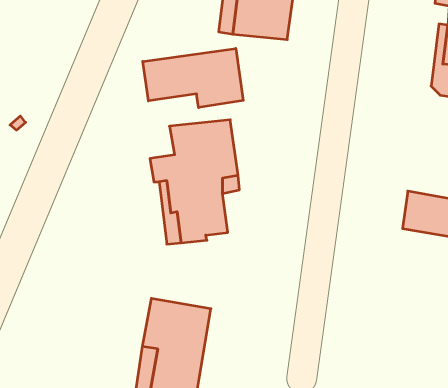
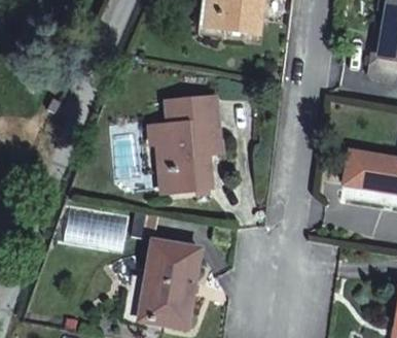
building: [143,48,243,108] -> none

